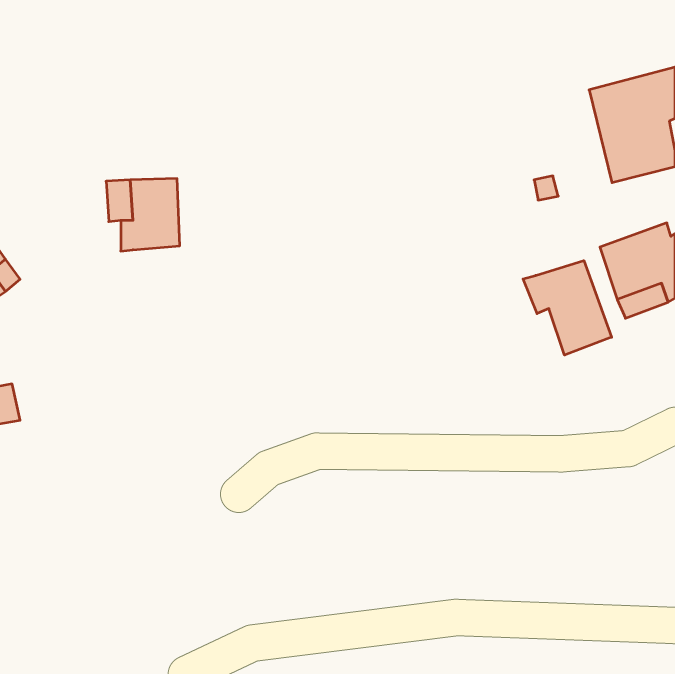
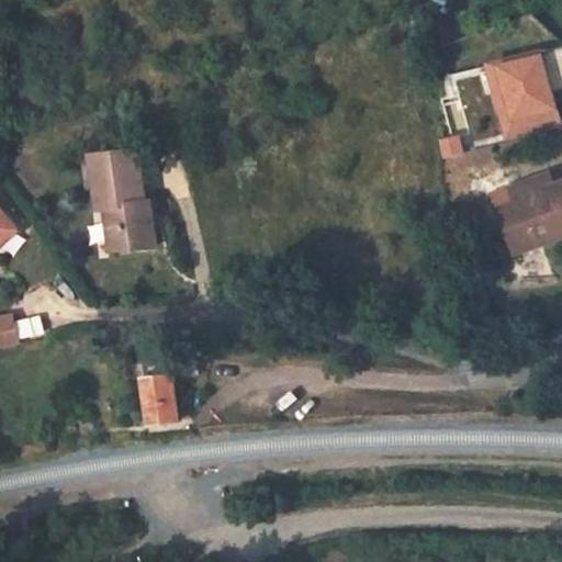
building: none -> [109,200,155,248]
building: [523,261,612,355] -> none
building: none -> [137,368,165,423]

